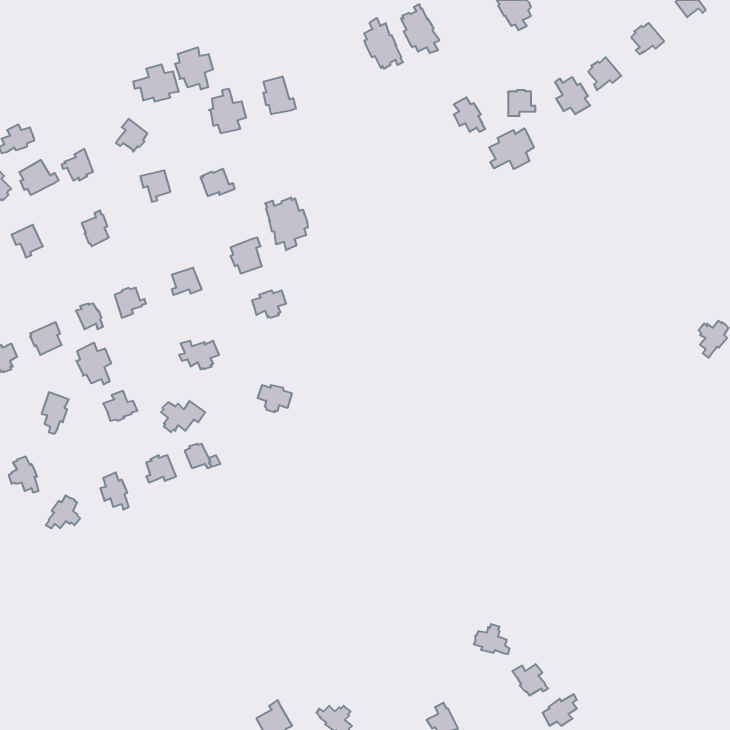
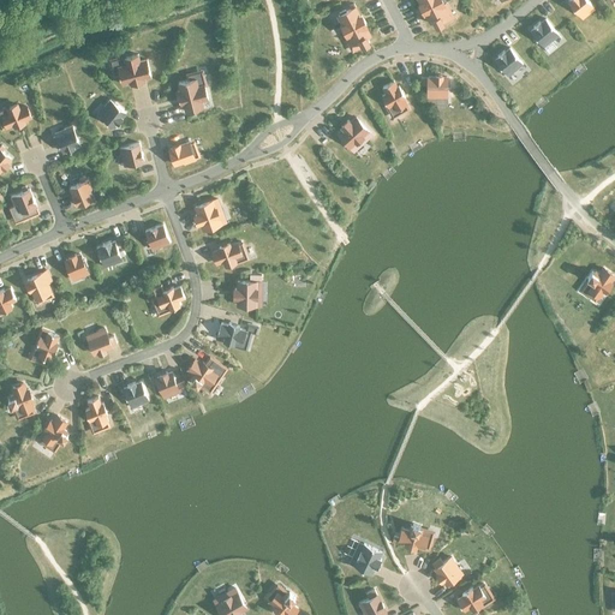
building: [364,18,403,69] -> none
building: [175,47,213,90] -> none
building: [264,76,296,114] -> none
building: [555,77,590,114] -> none
building: [489,128,534,169] -> none
building: none -> [336,119,370,149]
building: [19,160,59,195] -> none
building: [265,197,308,250] -> none
building: none -> [233,277,261,308]
building: [76,343,111,385] -> none
building: [161,401,205,432] -> [187,360,225,387]
building: none -> [348,544,381,575]

